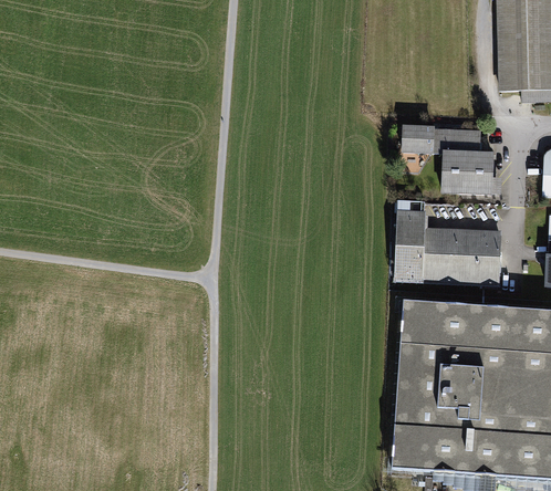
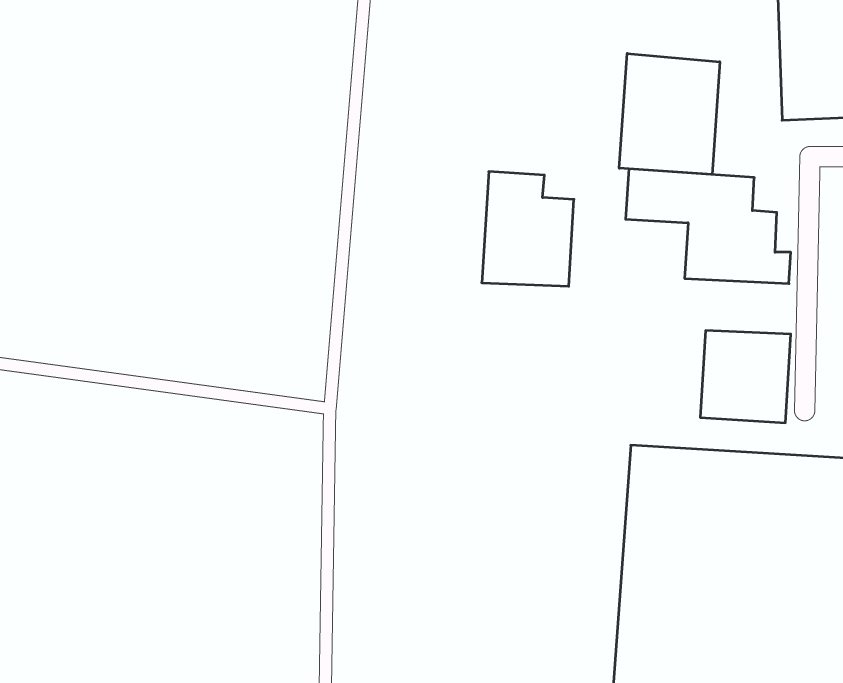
building: none -> [619,53,720,174]
building: [392,209,450,282] -> [482,172,574,286]

